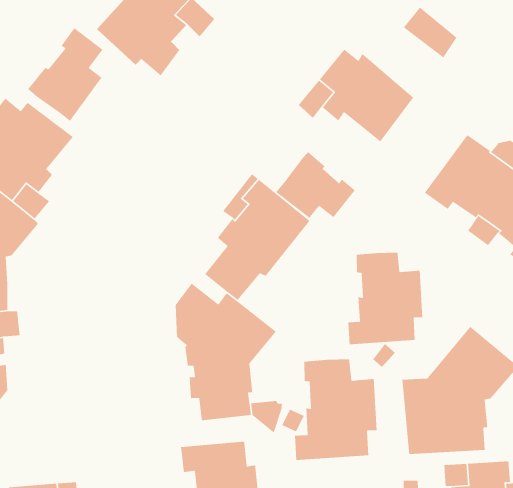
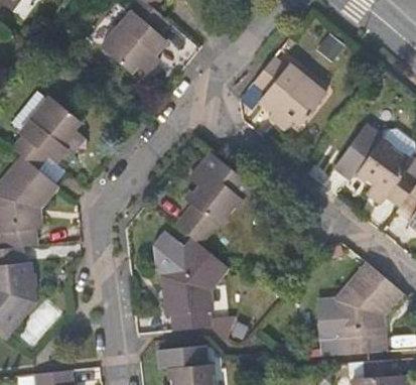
building: [27,27,104,122] -> none
building: [275,151,356,219] -> none
building: [347,252,423,345] -> none
building: [294,359,378,461] -> none

